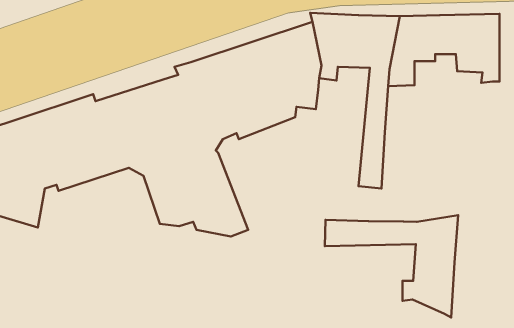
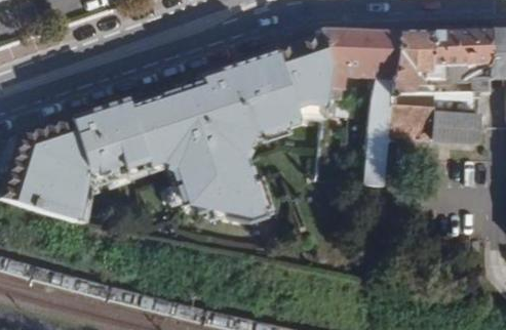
building: none -> [388,91,484,142]
building: [325,215,458,317] -> none

